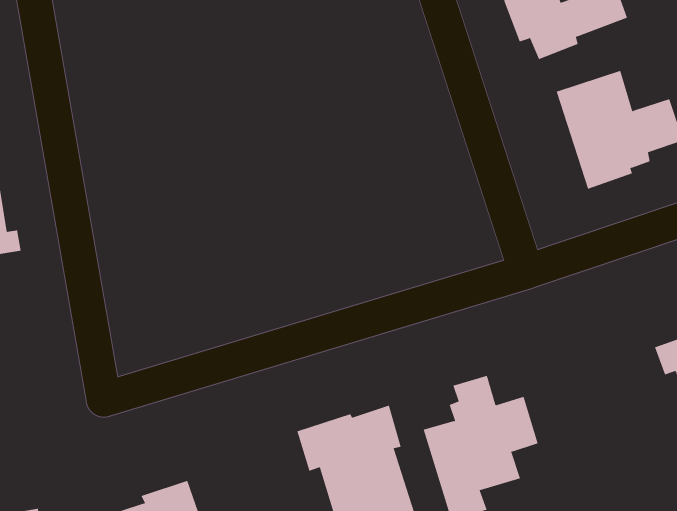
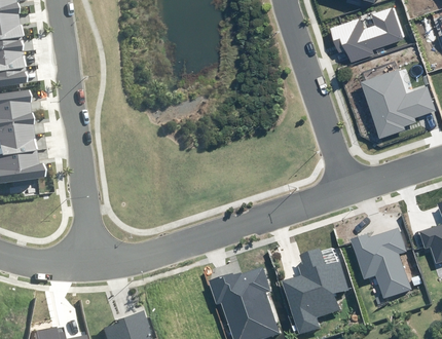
building: none -> [349,228,410,299]

